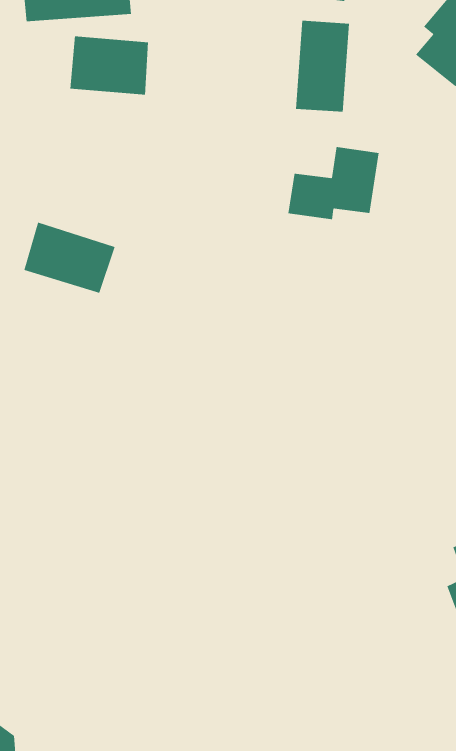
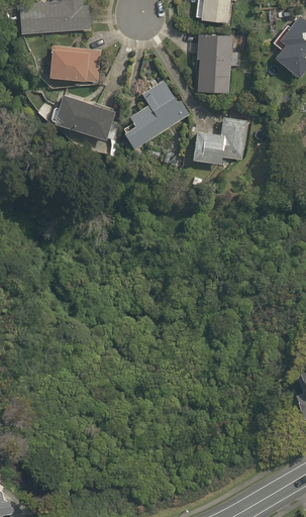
building: none -> [121,80,191,149]
building: [23,222,115,293] -> [57,95,116,141]

